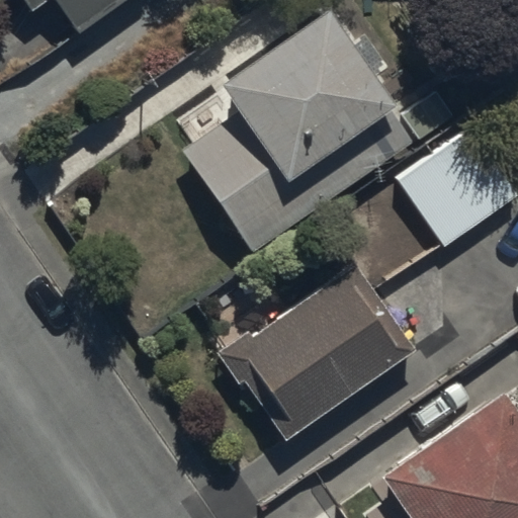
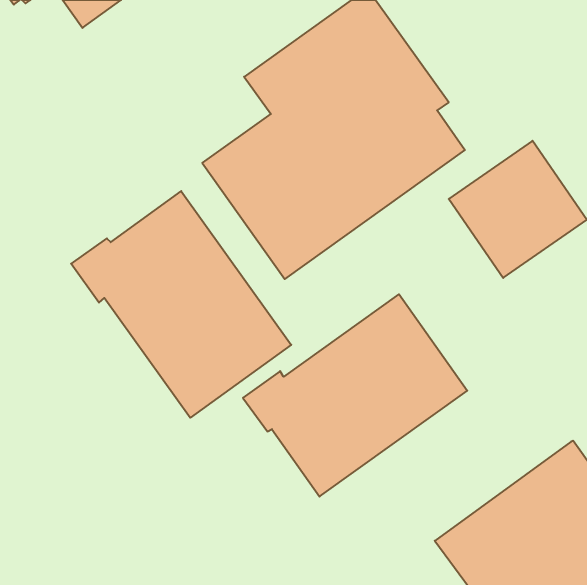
building: none -> [71,191,291,418]

